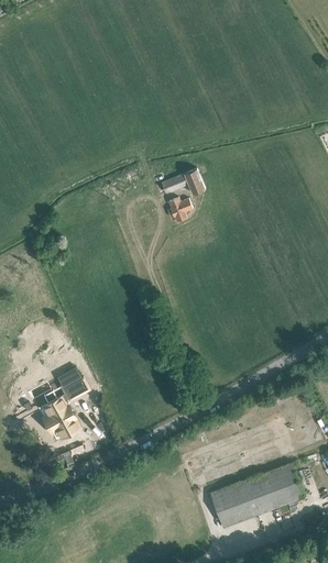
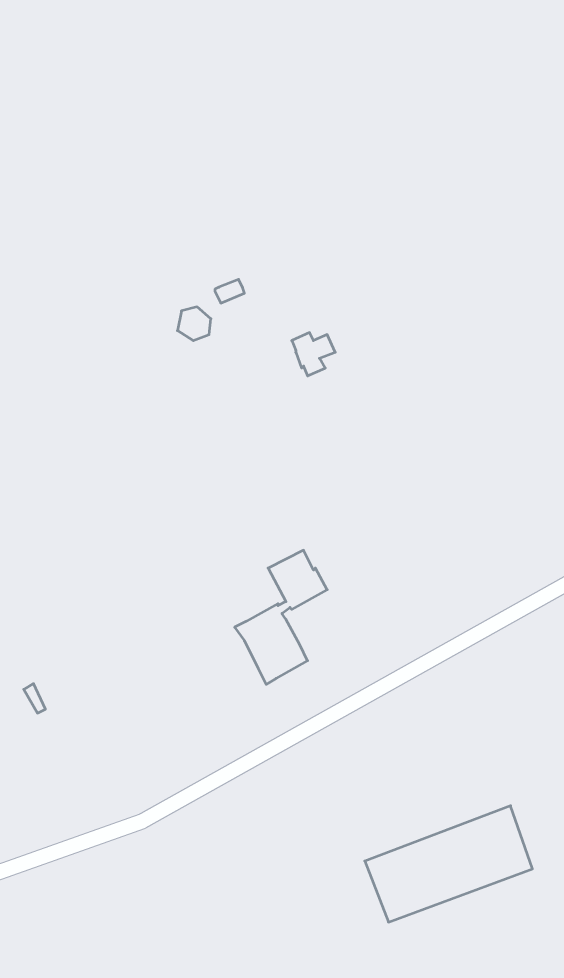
building: [161,169,205,196] -> none
building: [37,367,89,442] -> [235,550,327,684]

